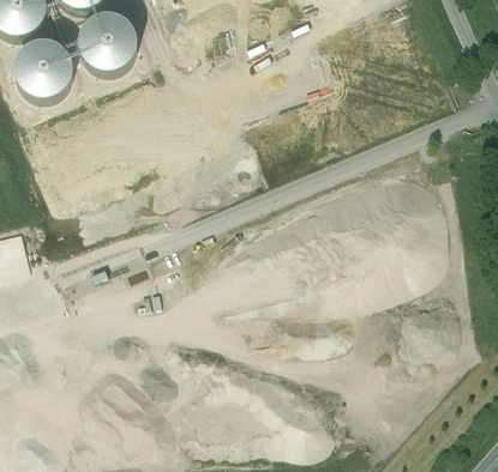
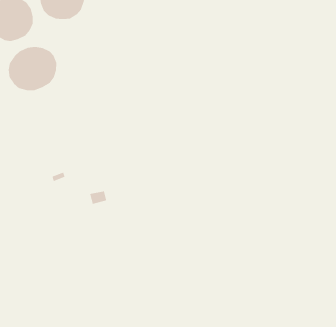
building: none -> [8,46,57,91]

